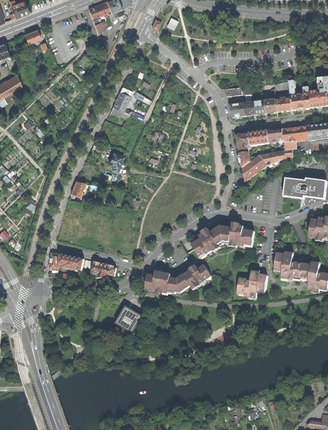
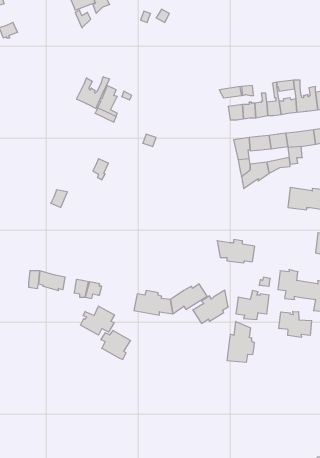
building: none -> [77,77,110,108]
building: [191,226,223,256] -> [193,290,228,323]
building: none -> [80,306,114,335]
building: none -> [279,311,312,337]
building: none -> [227,321,254,362]

